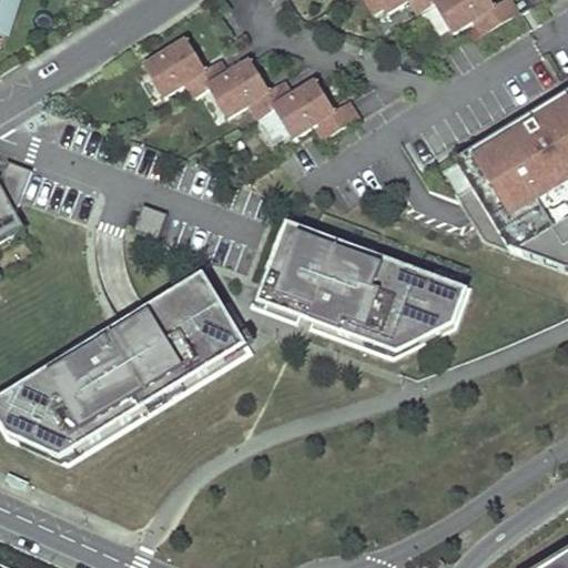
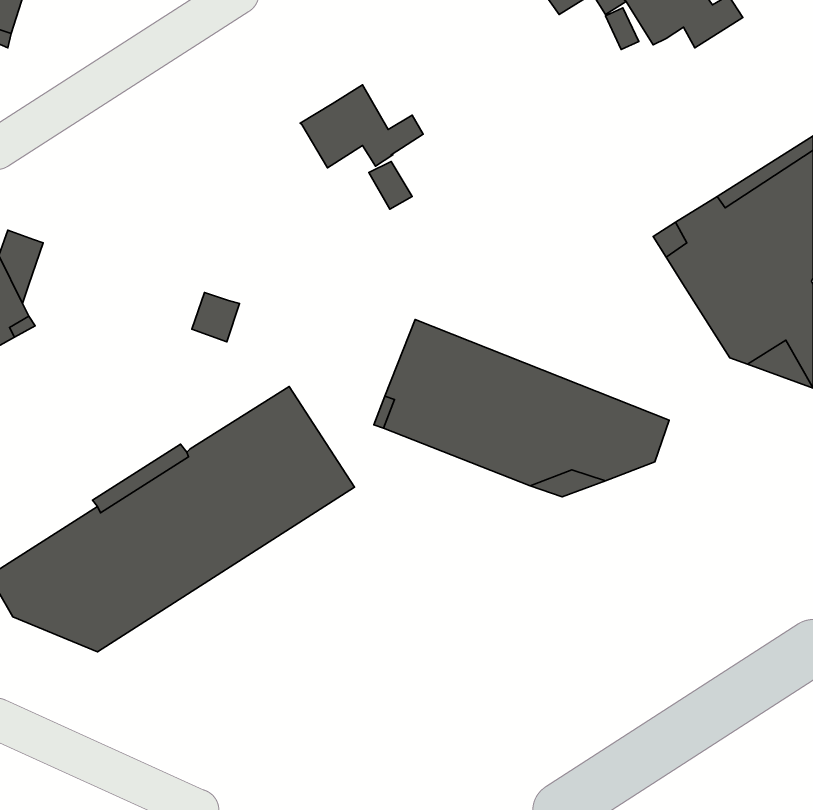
building: [144,39,231,95] -> none
building: [272,81,358,139] -> none

